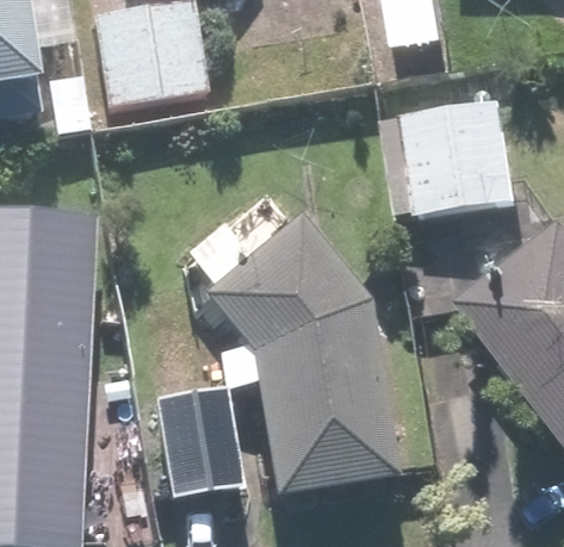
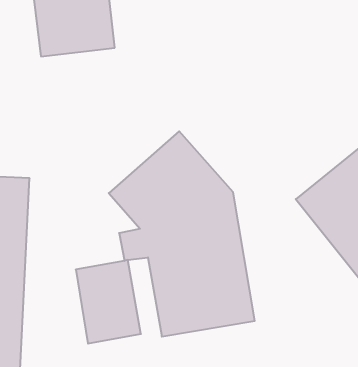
building: [390,93,522,217] -> none

